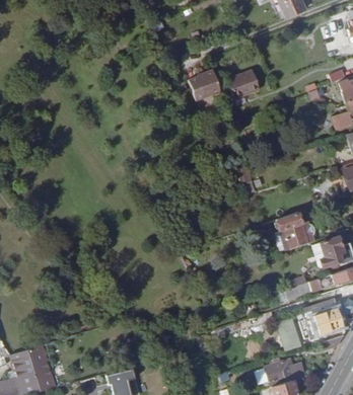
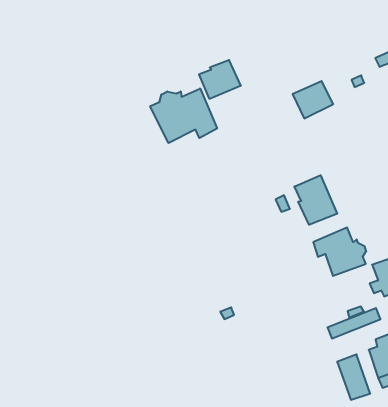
building: [227,68,260,97] -> [293,81,333,118]
building: none -> [150,88,217,143]
building: none -> [294,175,337,225]

